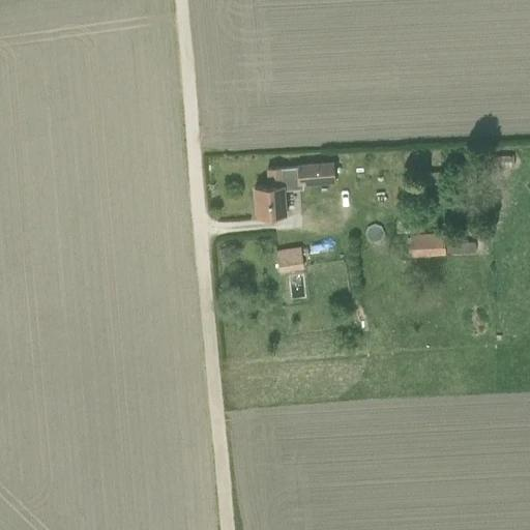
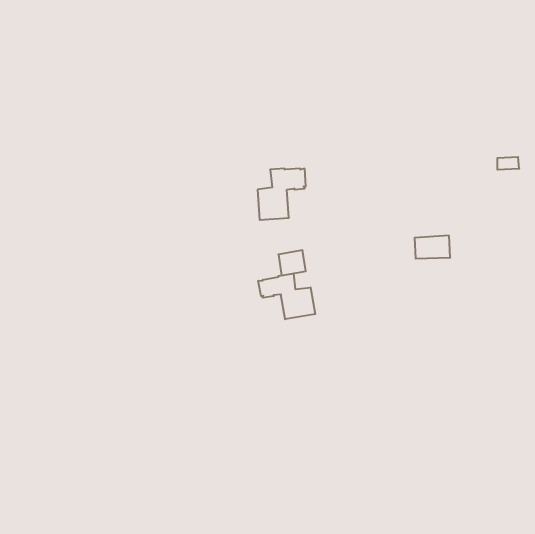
building: [297,164,335,185] -> none
building: none -> [258,273,315,319]

